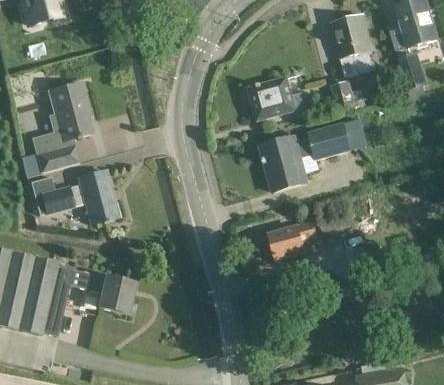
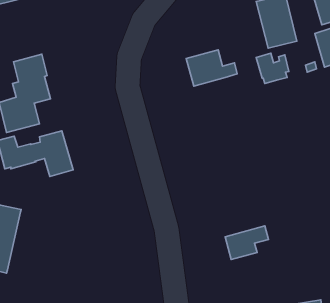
building: [259,118,365,191] -> none
building: [267,220,317,259] -> [225,226,268,259]
building: [42,264,136,335] -> none

